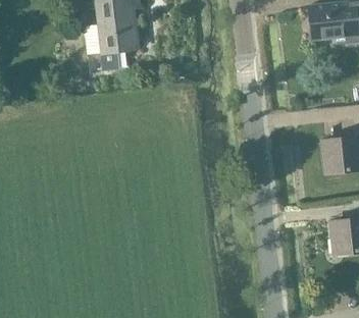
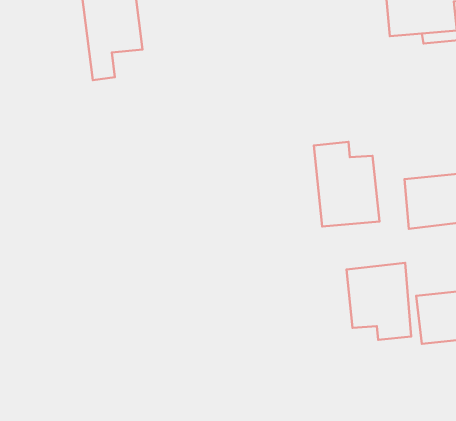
building: none -> [314,142,379,227]
building: none -> [346,263,411,340]

